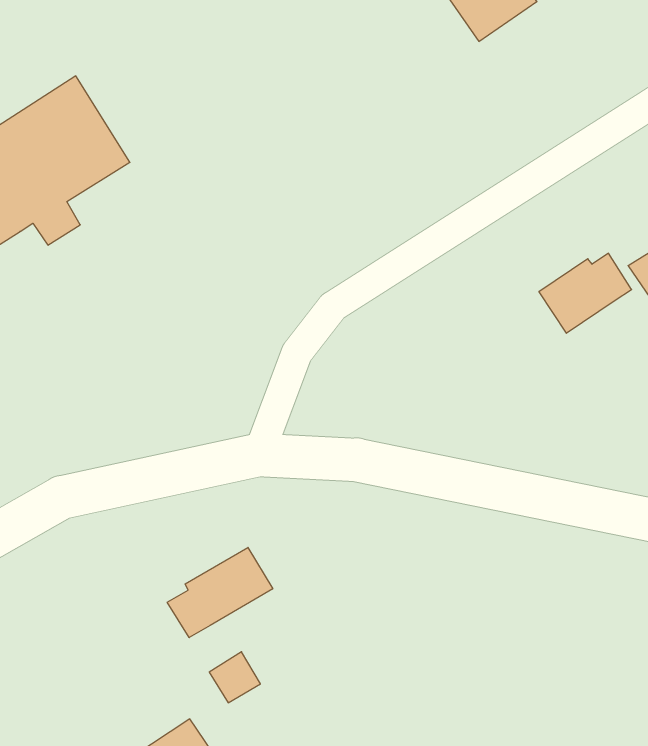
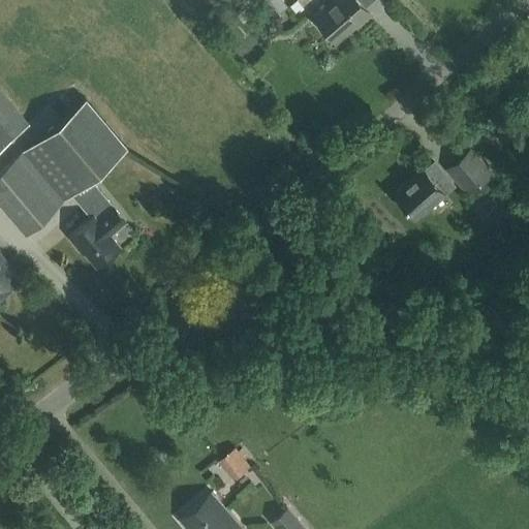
building: none -> [68,194,127,270]
building: [167,547,273,638] -> none

